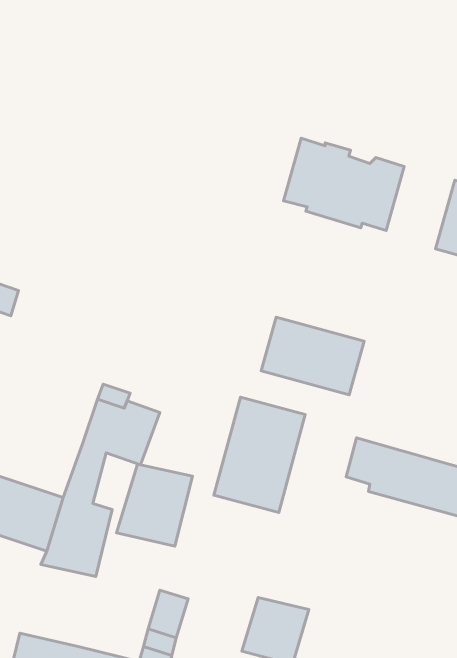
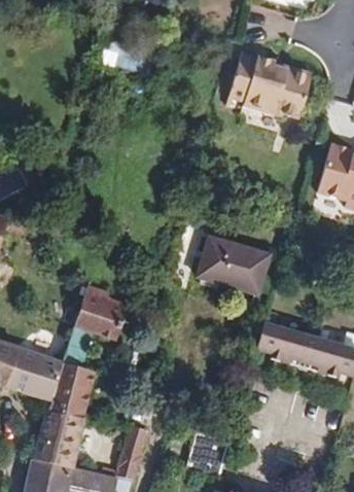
building: [283,138,404,231] -> [228,54,312,117]
building: [214,397,305,512] -> none
building: [117,464,193,546] -> [31,409,83,465]

